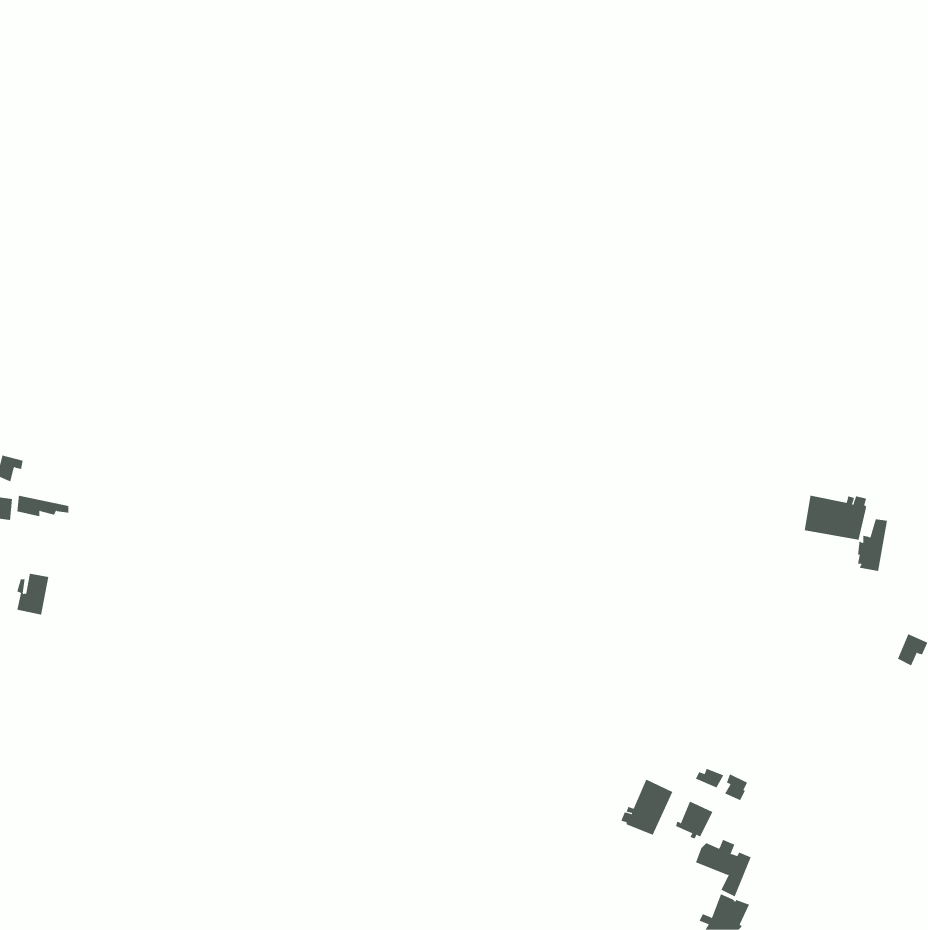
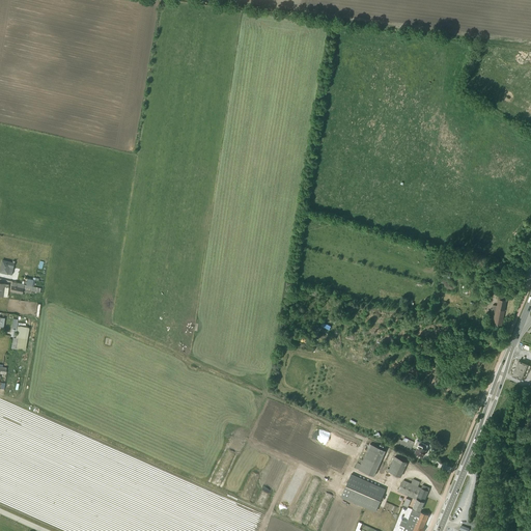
building: [804,495,867,541] -> none
building: none -> [340,474,385,512]

